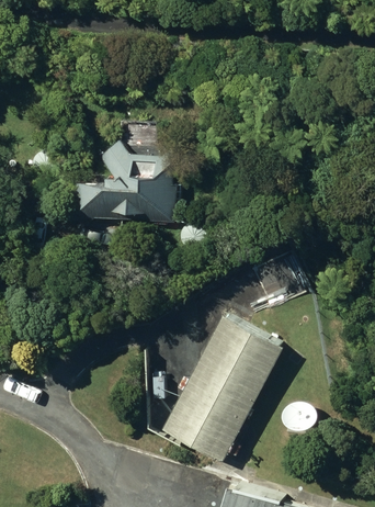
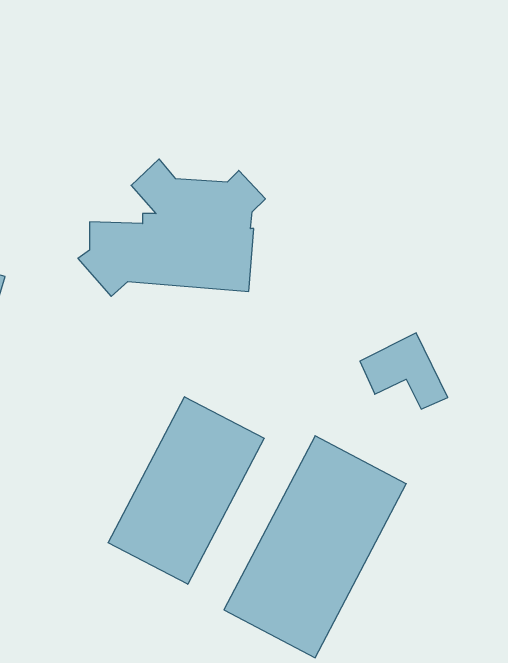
building: none -> [108,397,264,584]

